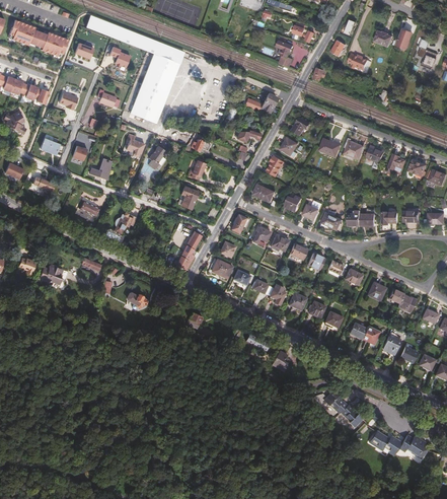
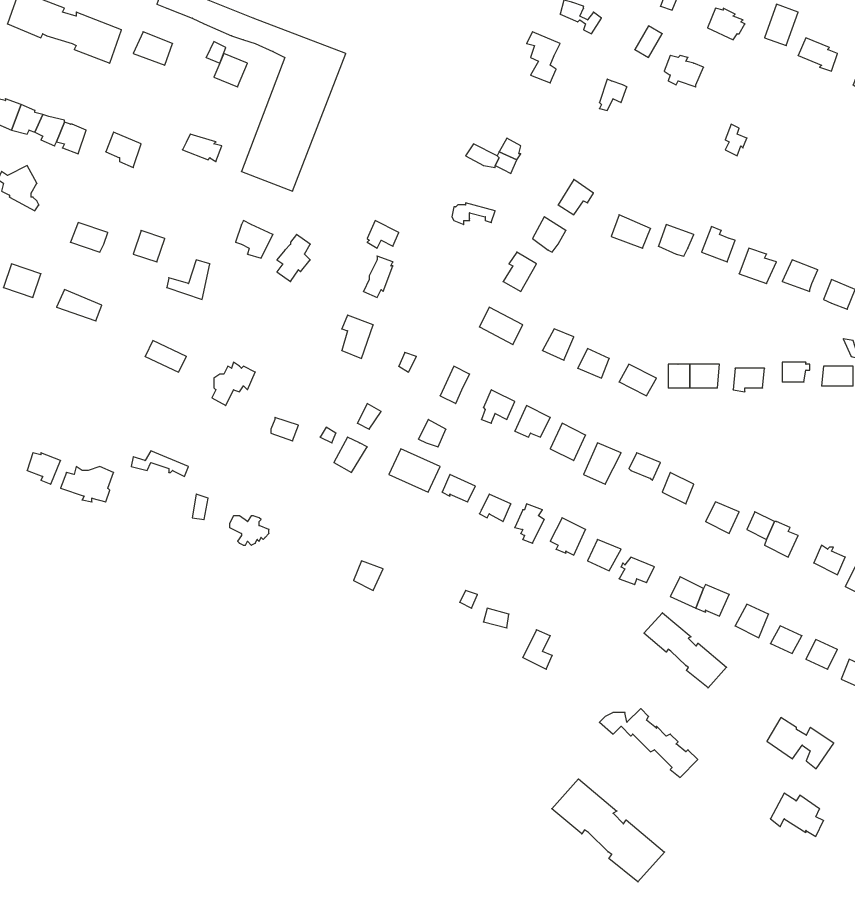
building: none -> [644,613,727,688]
building: none -> [552,779,665,882]
building: [370,427,404,453] -> [767,718,834,769]

